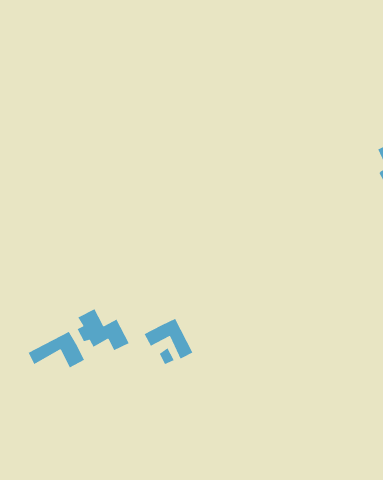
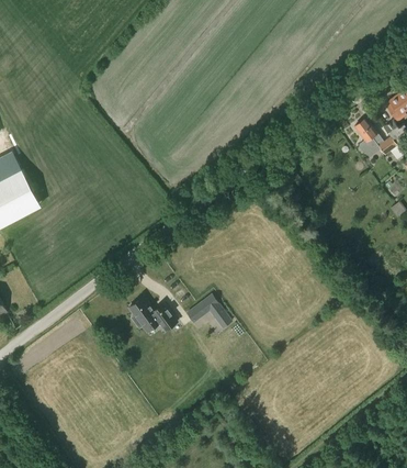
building: [27,331,85,368] -> none

